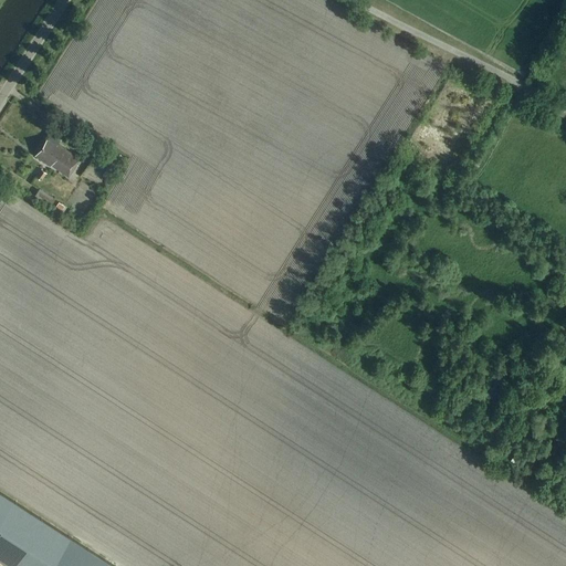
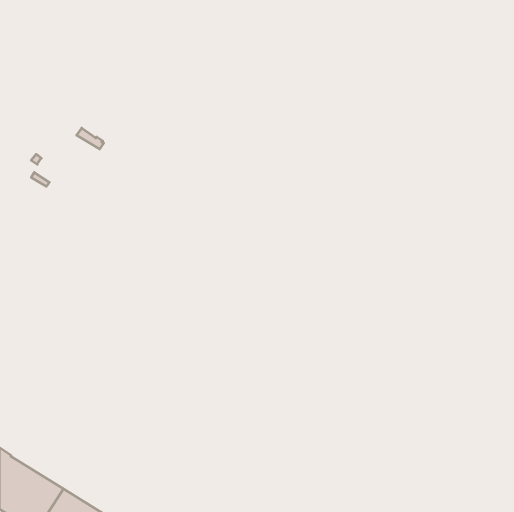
building: [33,137,78,180] -> none

